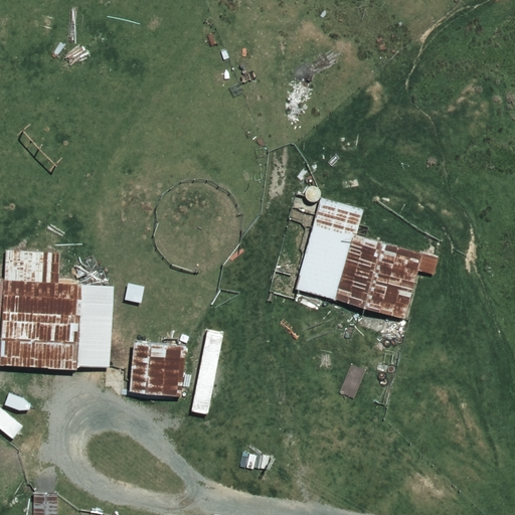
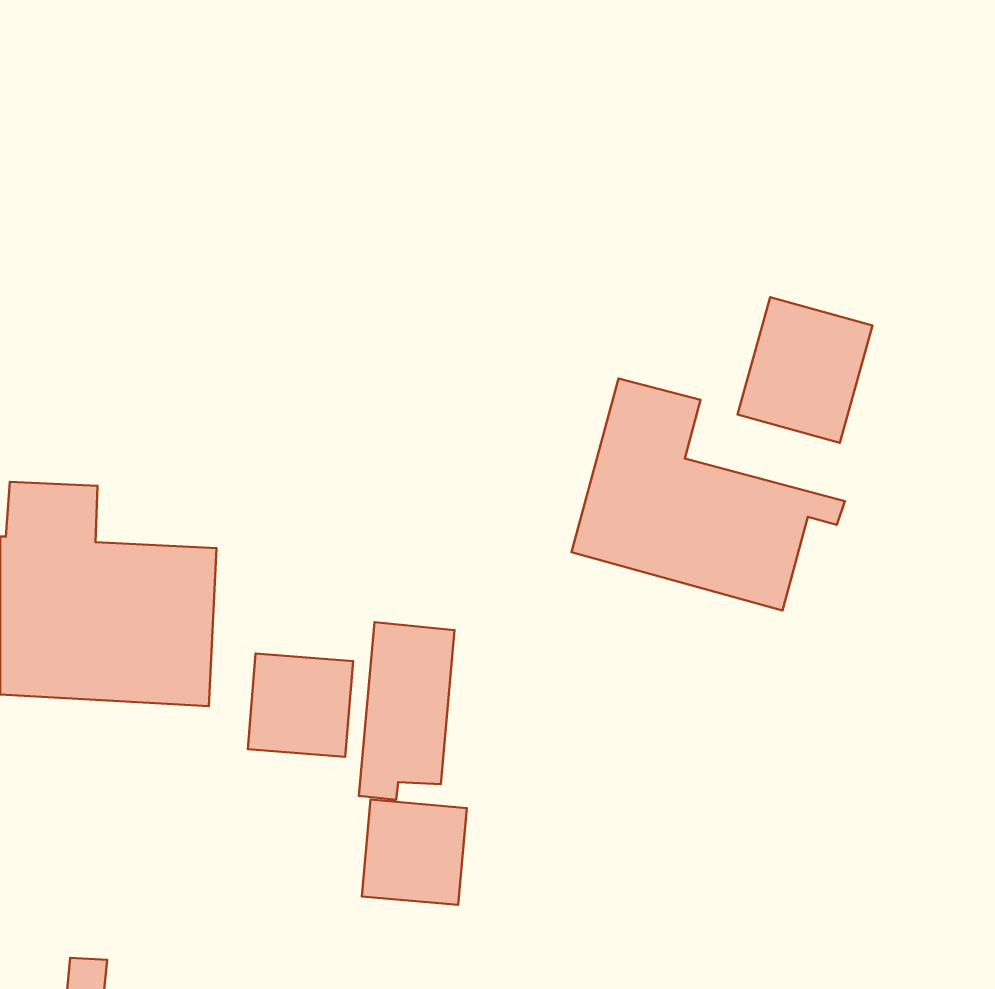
building: none -> [738,297,872,443]
building: none -> [362,799,467,905]

